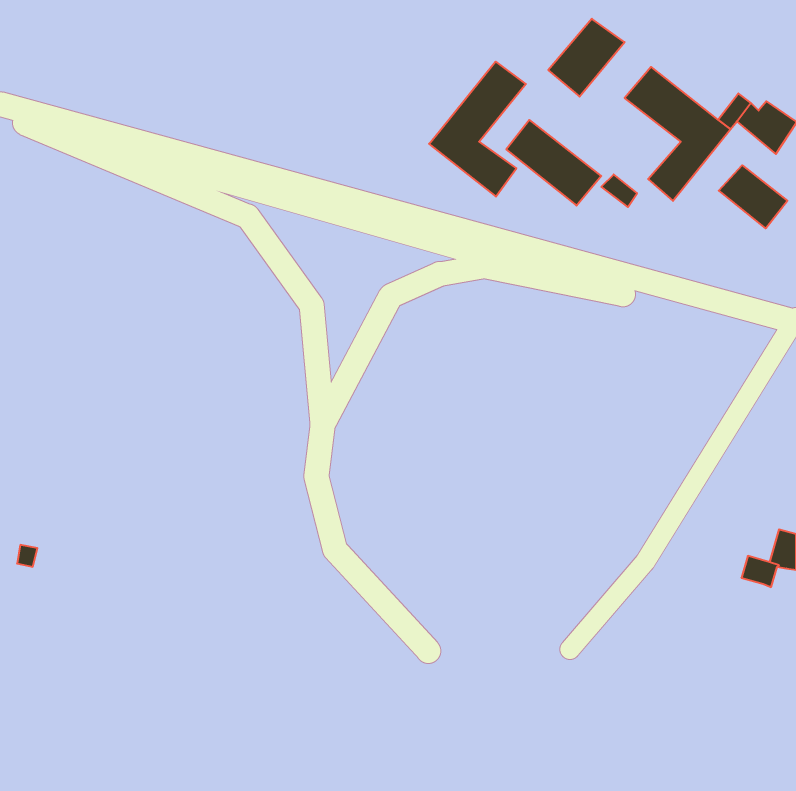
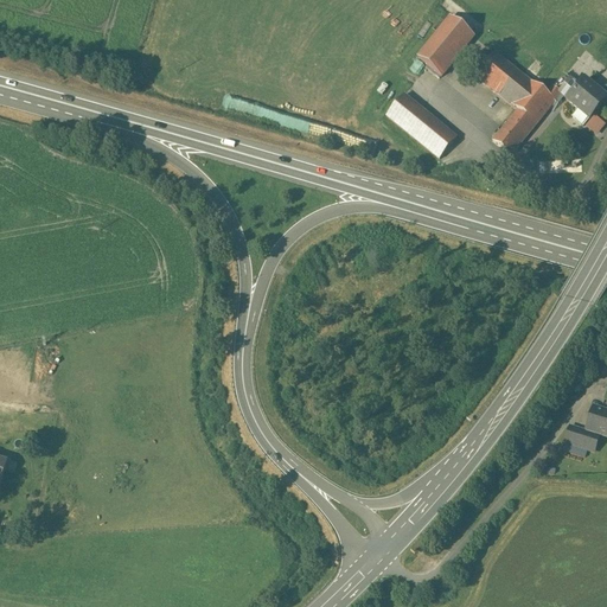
building: [429,62,526,197] -> none
building: [719,165,787,228] -> none

